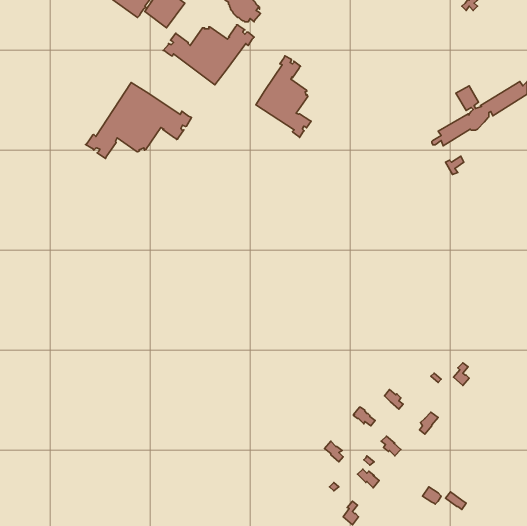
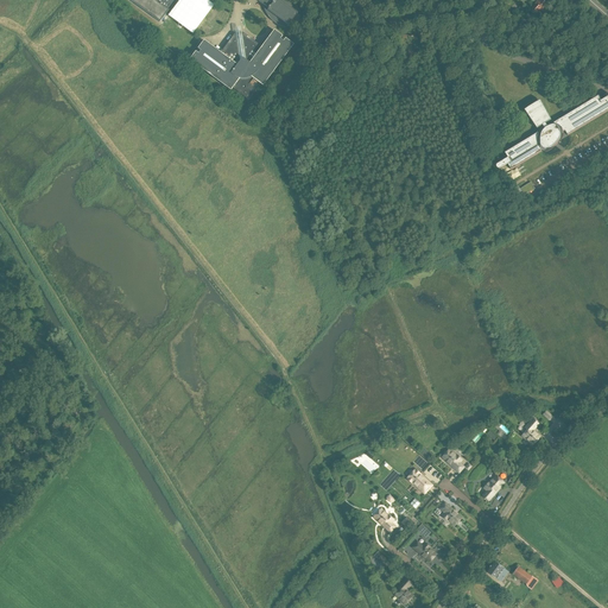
building: [256,56,311,138] -> none
building: [85,83,192,158] -> none

